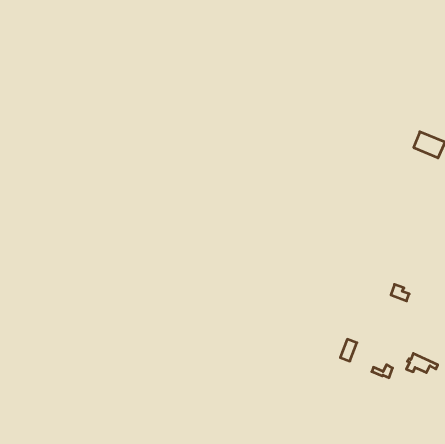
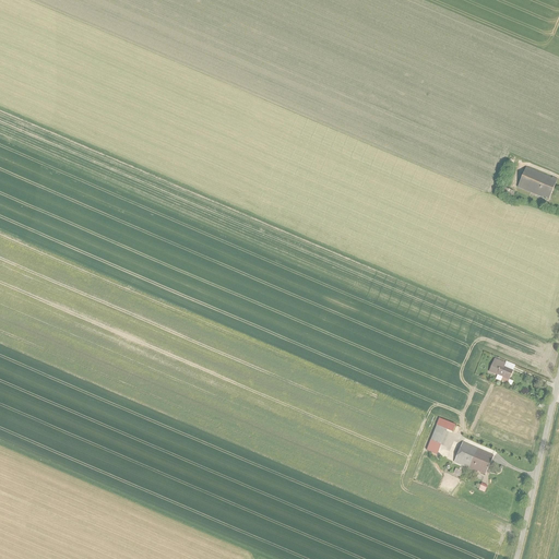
building: [406,353,438,373] -> [454,441,493,465]

